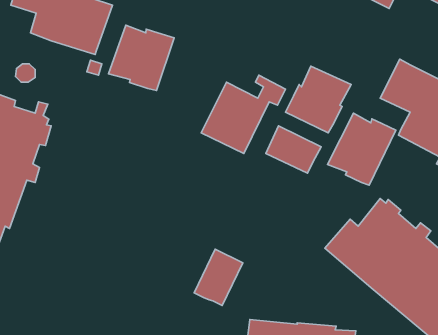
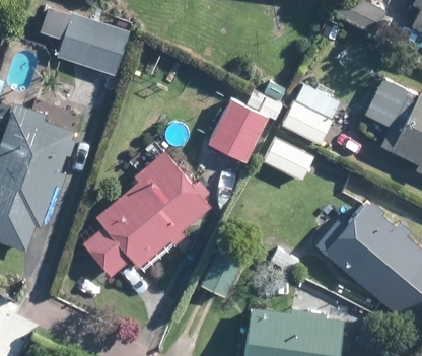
building: [108,25,174,91] -> none
building: [328,113,396,185] -> none
building: none -> [83,152,211,276]

